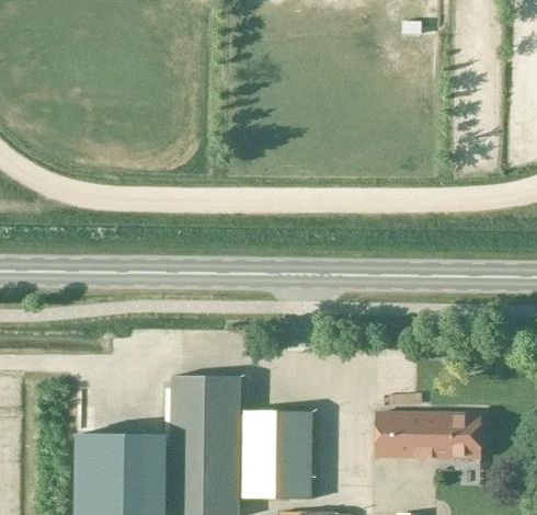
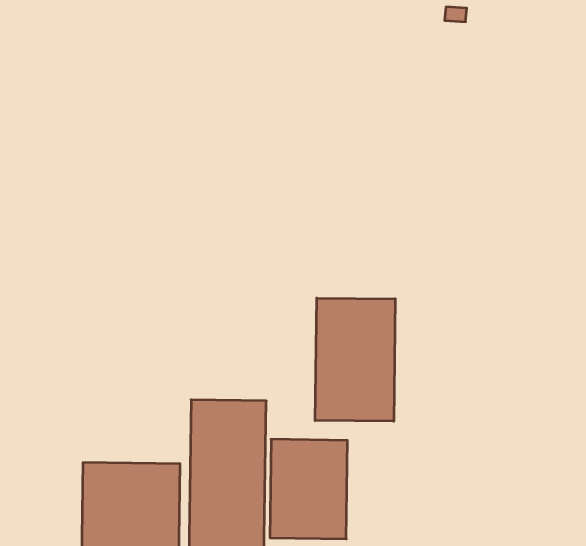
building: none -> [315,298,395,421]
building: [376,413,480,458] -> none

